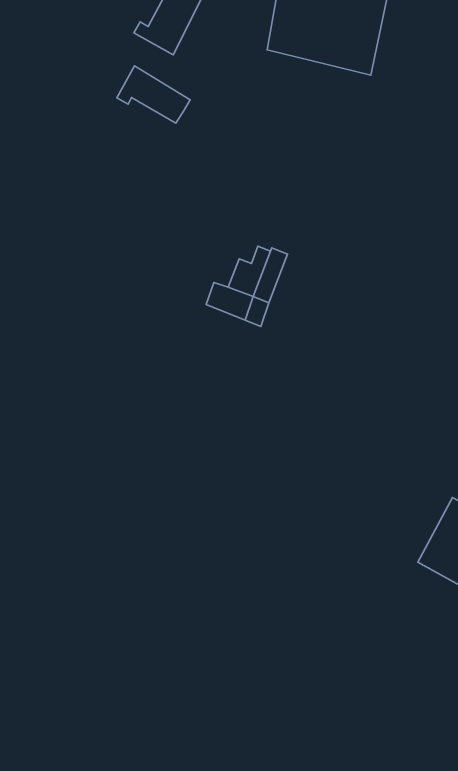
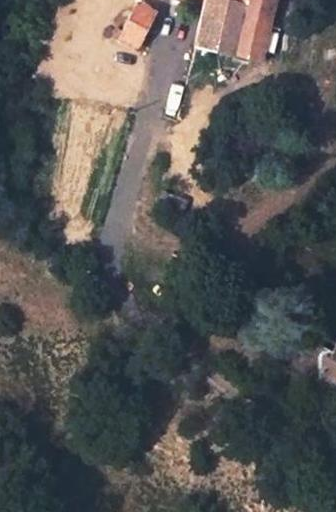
building: [117,66,190,123] -> none

